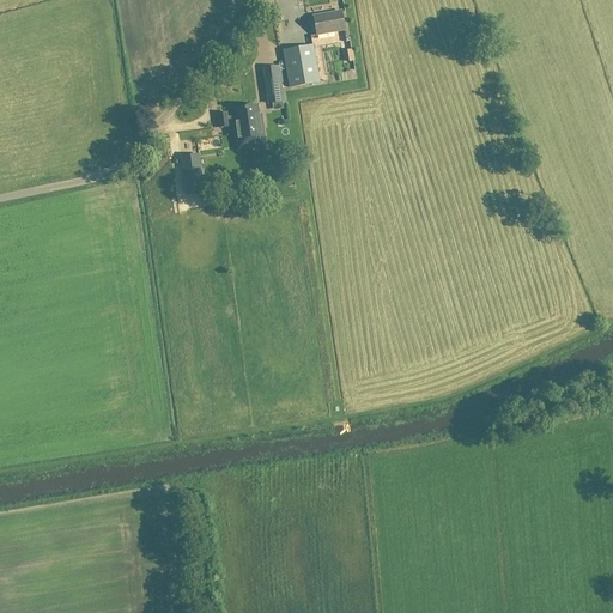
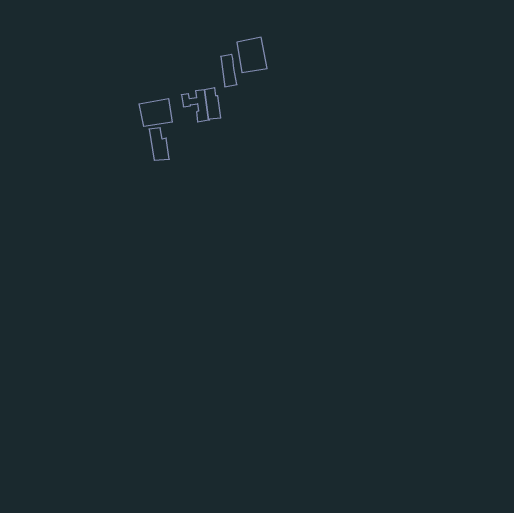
building: [310,10,342,35] -> none
building: none -> [139,99,172,126]

